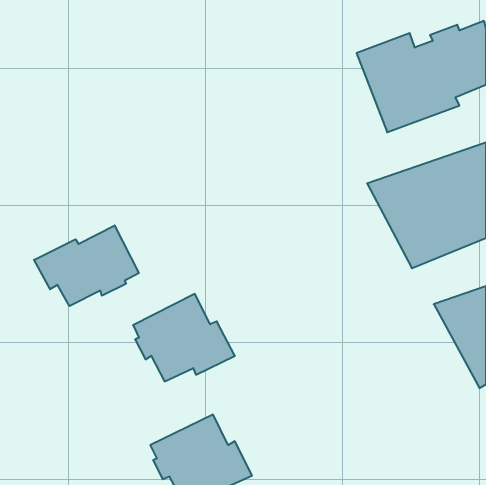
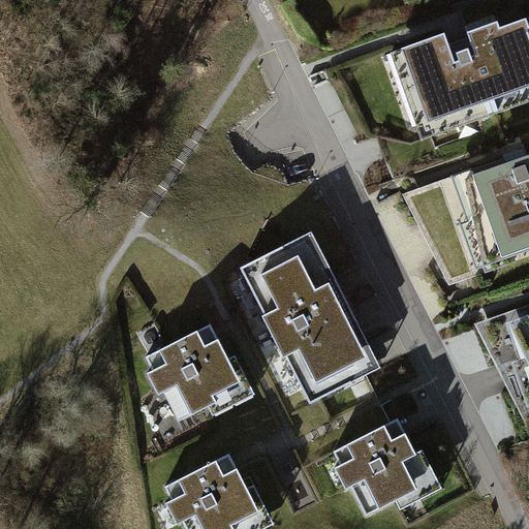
building: none -> [242,229,381,401]
building: [34,225,139,306] -> none
building: none -> [332,416,442,511]

